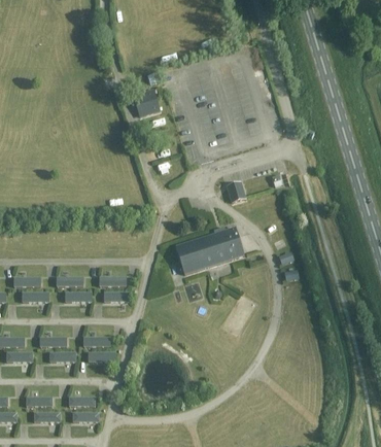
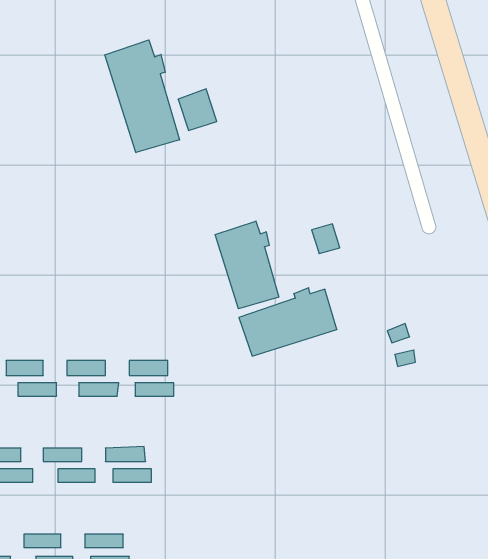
building: none -> [105,40,180,153]
building: none -> [215,221,279,309]

